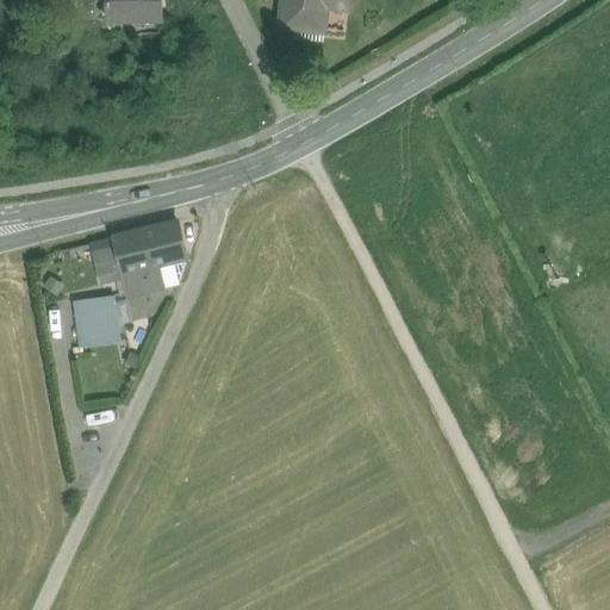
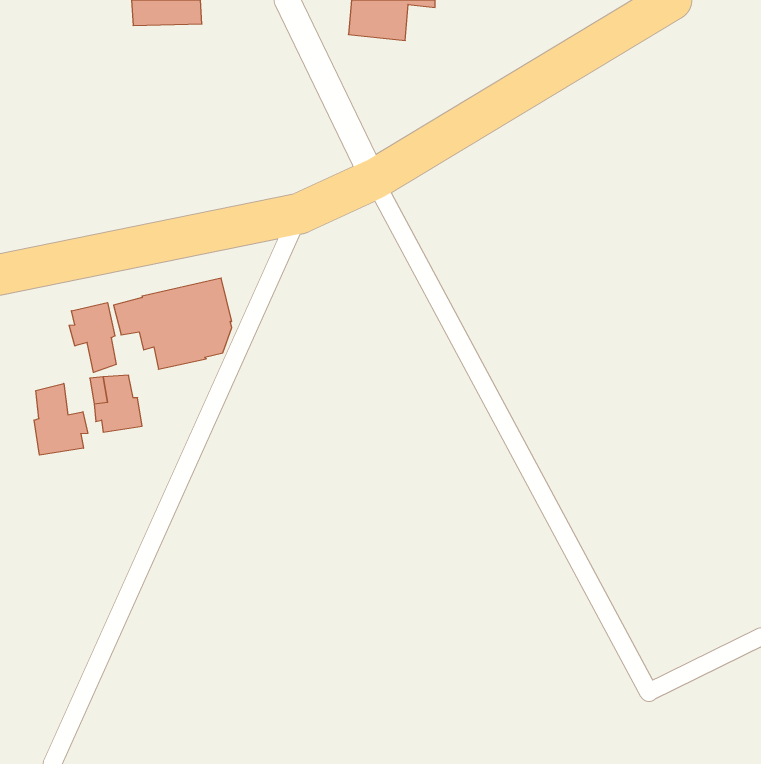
building: none -> [69,303,116,372]
building: none -> [34,383,88,455]

